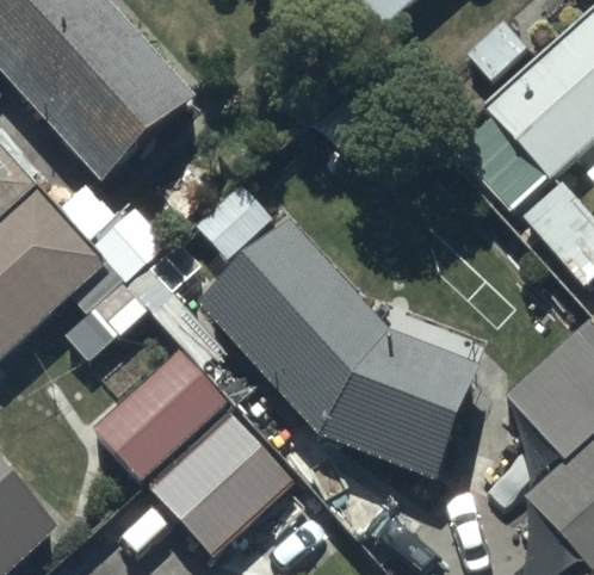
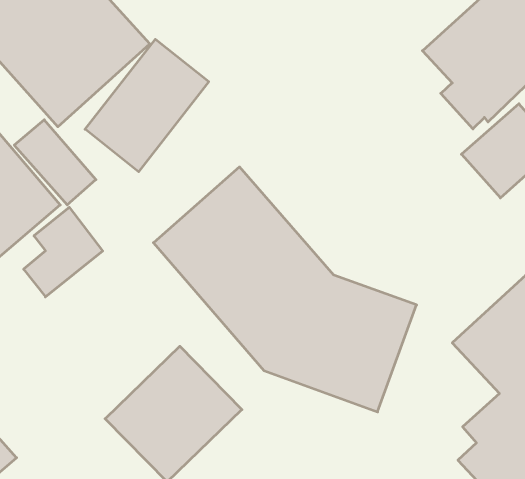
building: none -> [85,39,209,172]
building: [98,352,228,480] -> none

